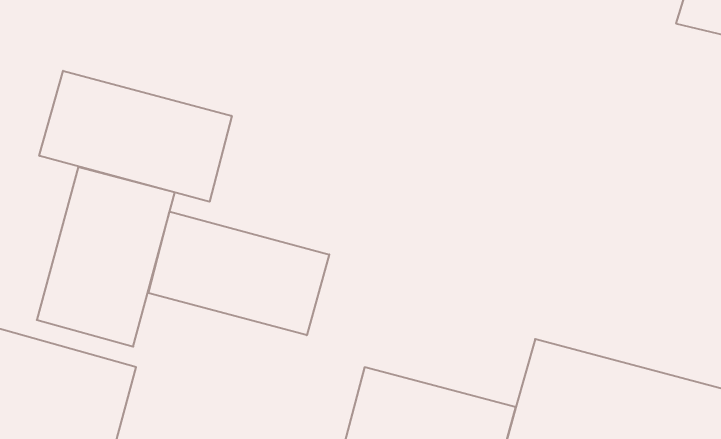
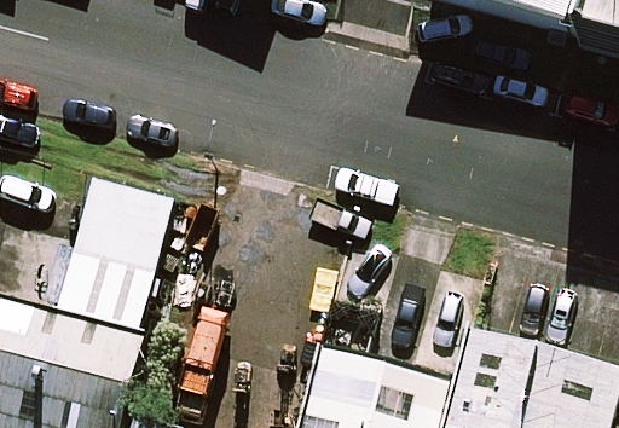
building: [39,71,232,202] -> none
building: [148,211,329,335] -> none

